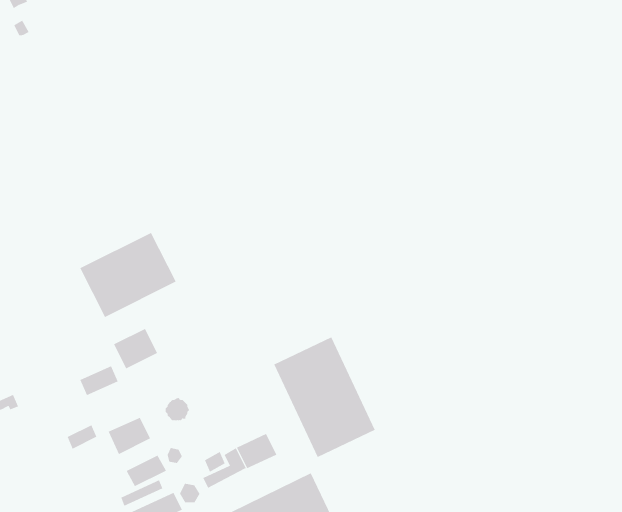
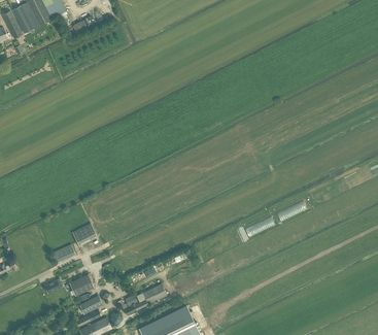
building: [80,232,176,318] -> none
building: [274,336,376,458] -> none

